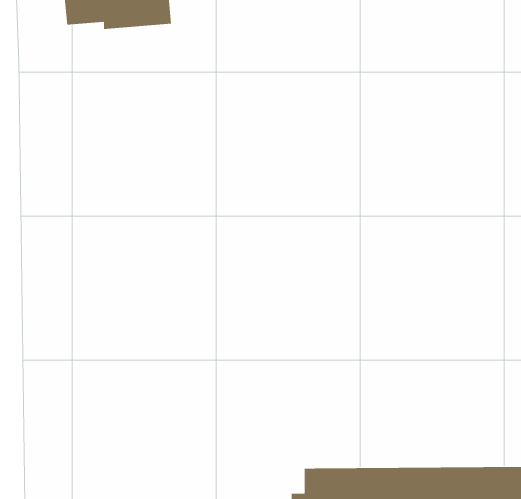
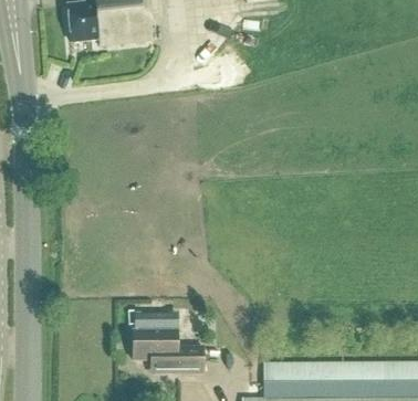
building: none -> [115,313,201,371]

